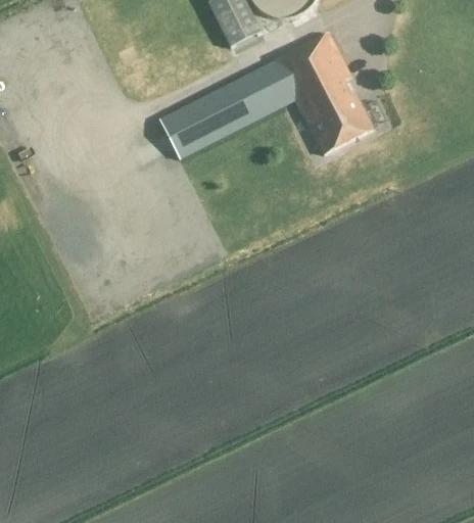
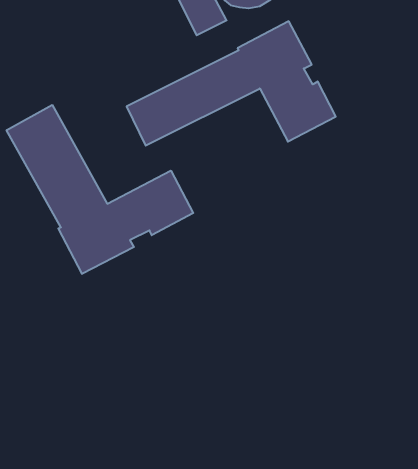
building: none -> [7,105,193,274]

